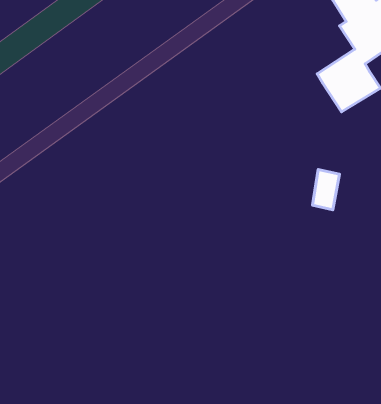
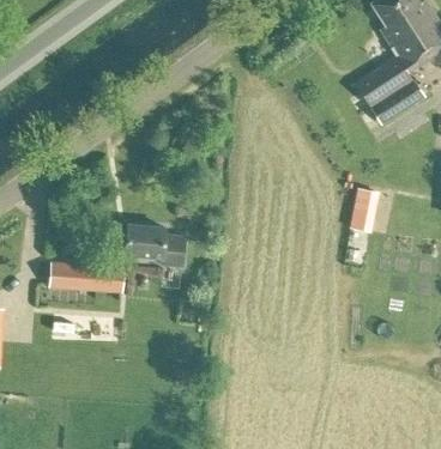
building: none -> [125,225,183,266]
building: none -> [49,263,123,292]

